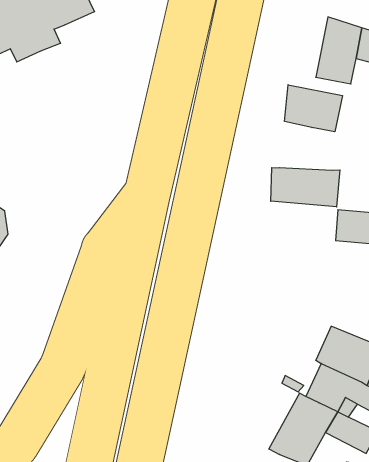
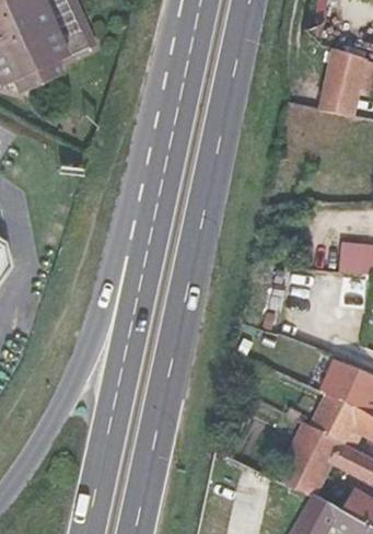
building: [285,85,342,132] -> none
building: [271,168,340,207] -> none

